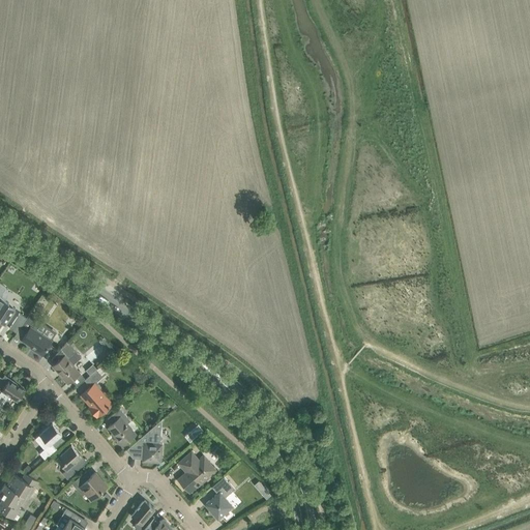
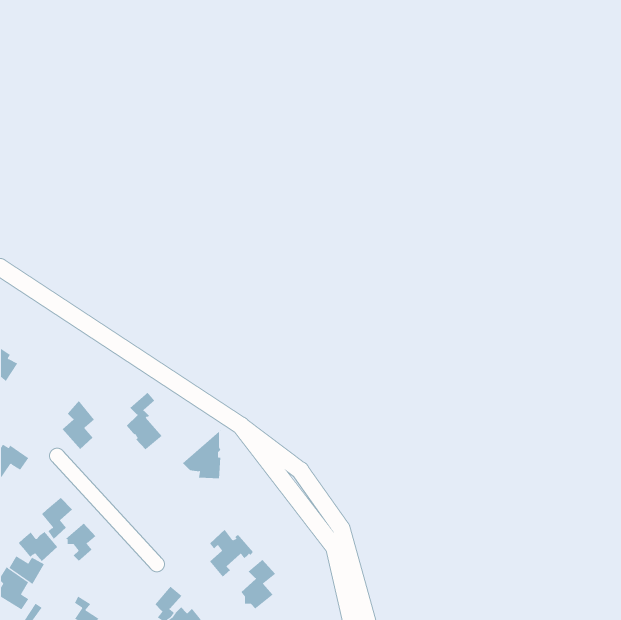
building: [20,314,52,356] -> none
building: [81,367,112,417] -> [126,392,162,450]
building: [108,409,136,446] -> none
building: [128,420,161,463] -> [182,429,221,479]
building: [72,473,107,499] -> [18,531,58,561]

